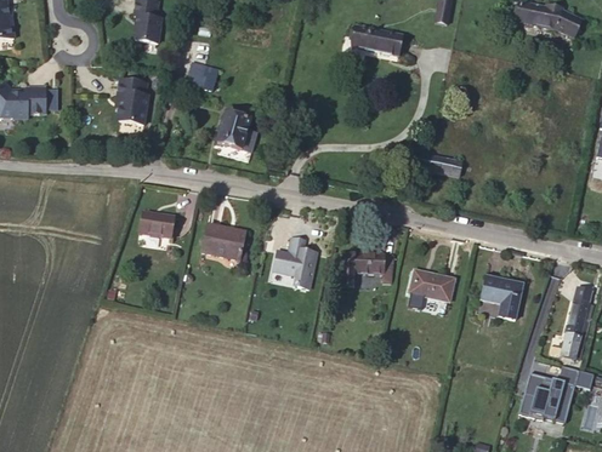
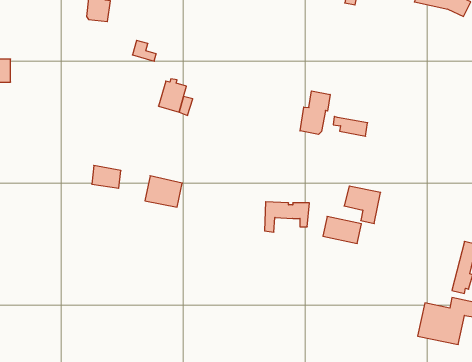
building: [351,25,402,55] -> none
building: [117,80,148,125] -> none
building: none -> [300,91,330,134]
building: [273,236,317,288] -> none
building: [479,276,522,320] -> [344,186,381,224]

